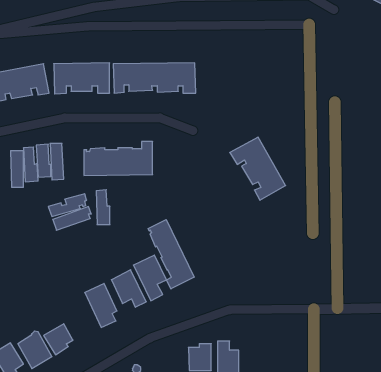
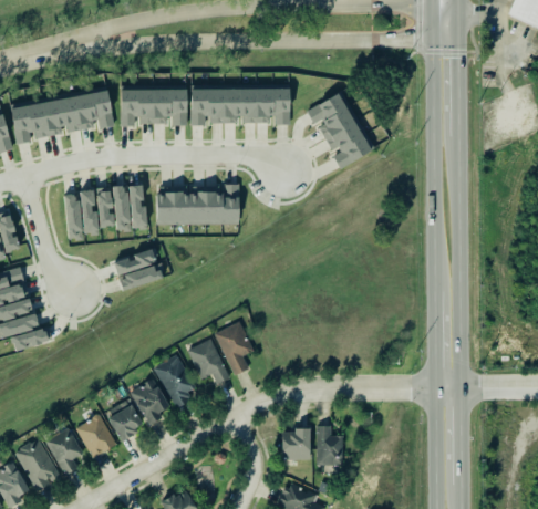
building: [230,137,286,200] -> [303,92,371,168]
building: [96,190,110,225] -> [131,185,147,227]
building: [148,220,194,289] -> none
building: none -> [130,378,168,425]

